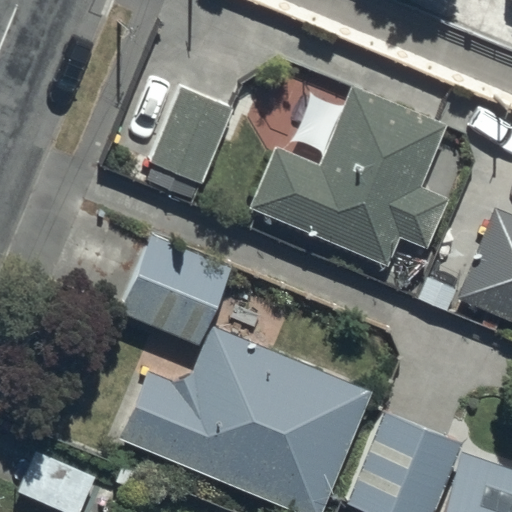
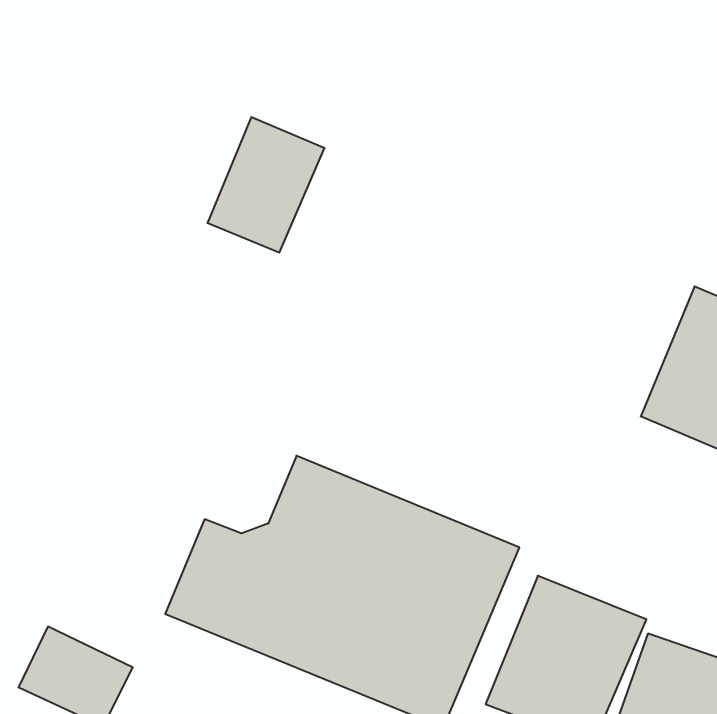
building: [250,86,448,266] -> none
building: [120,237,230,345] -> none

